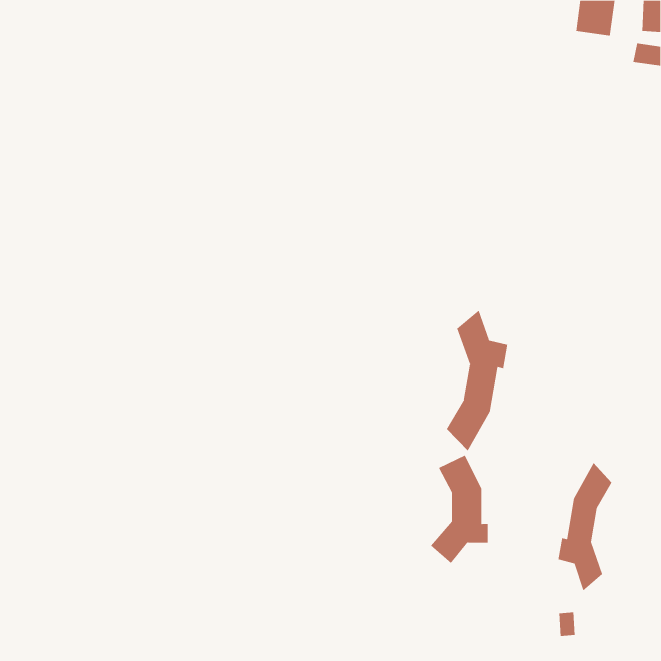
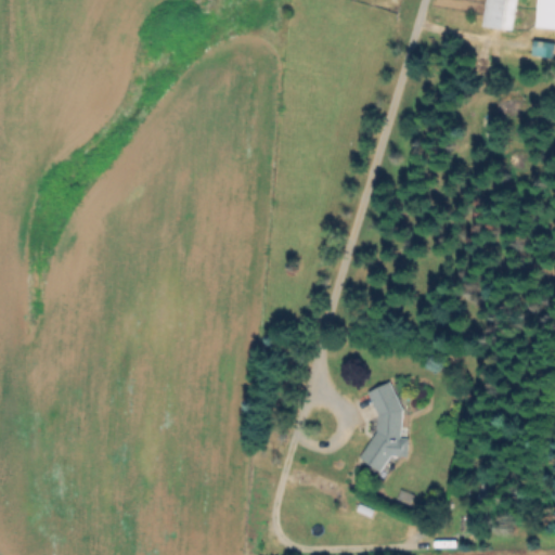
building: [446,310,508,452] -> none
building: [558,462,612,591] -> none

